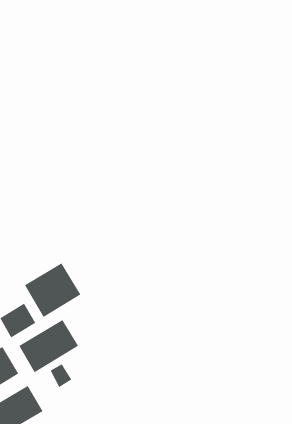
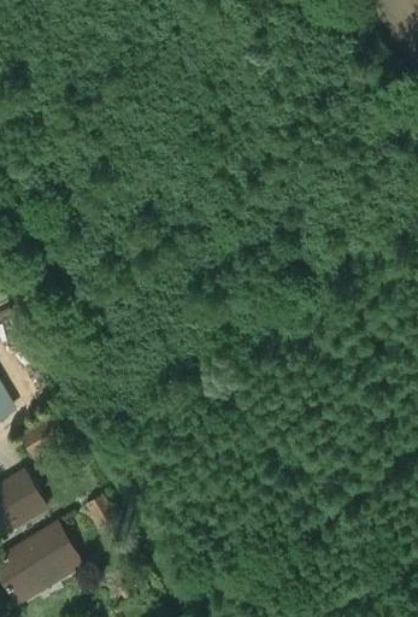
building: [24,263,81,318] -> none
building: [19,319,79,373] -> none

